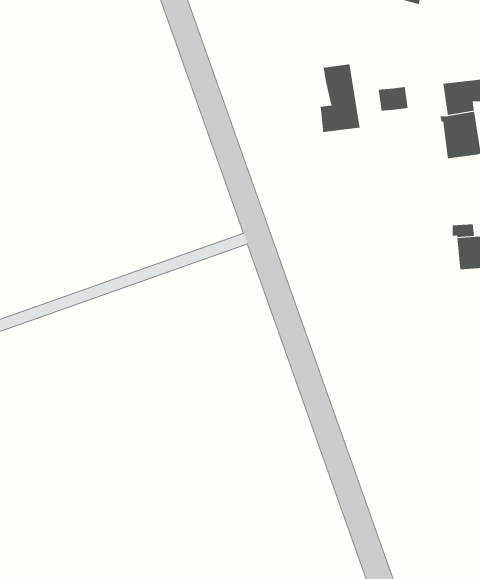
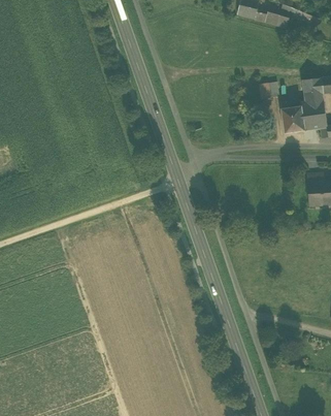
building: [320,64,360,133] -> none
building: none -> [282,106,305,134]

